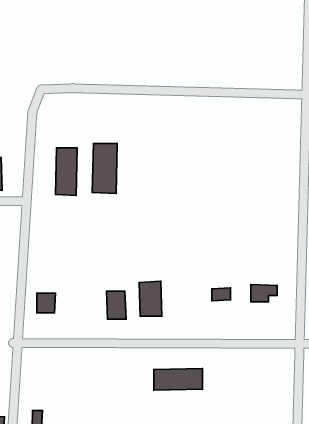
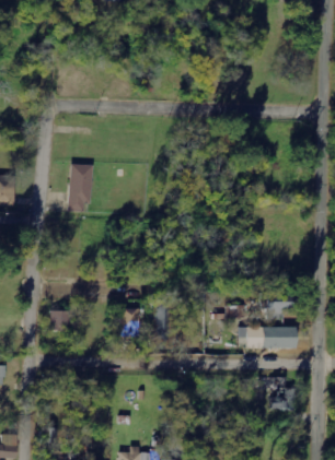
building: [92,143,117,193] -> none
building: none -> [257,378,292,411]
building: [154,369,203,390] -> [246,327,296,349]

